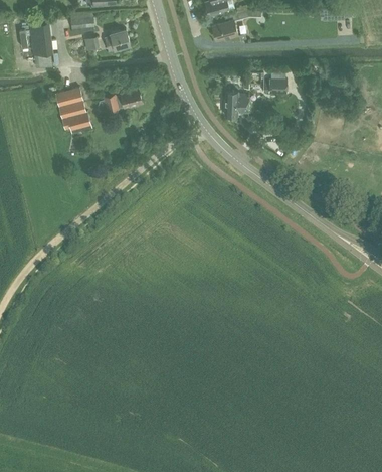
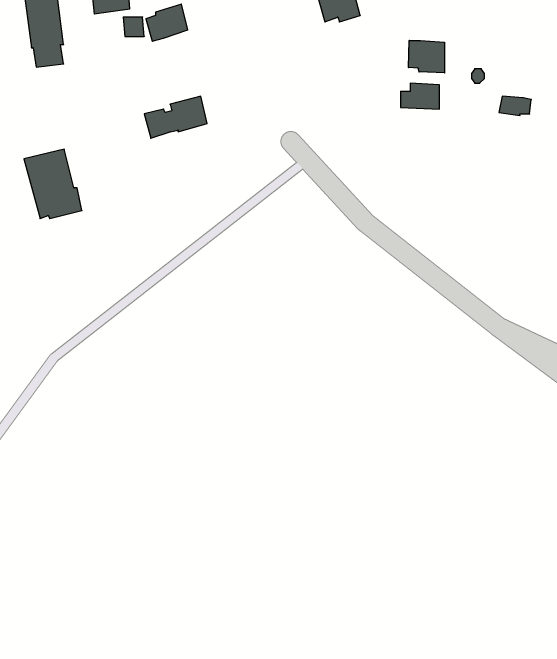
building: none -> [409,40,445,73]
building: [54,87,90,130] -> [24,149,82,219]
building: [224,91,248,116] -> none

